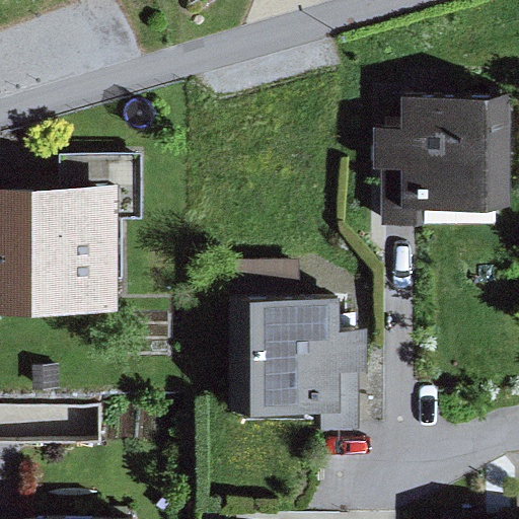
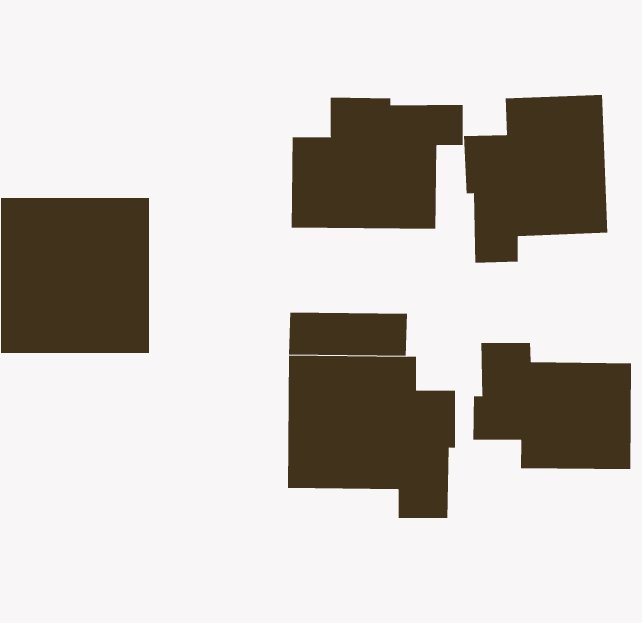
building: none -> [291,97,463,229]
building: none -> [473,342,632,470]

